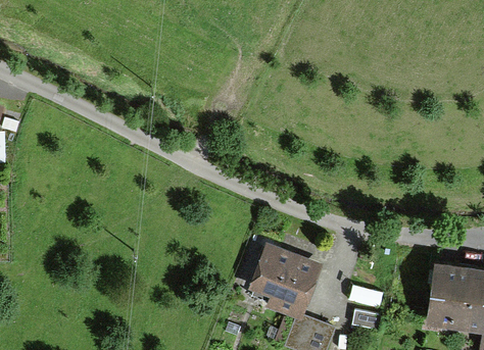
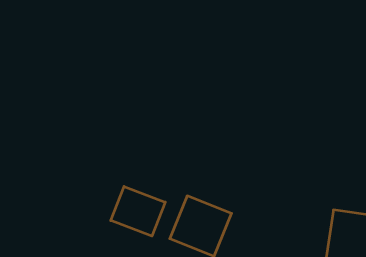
building: none -> [111,186,165,236]

